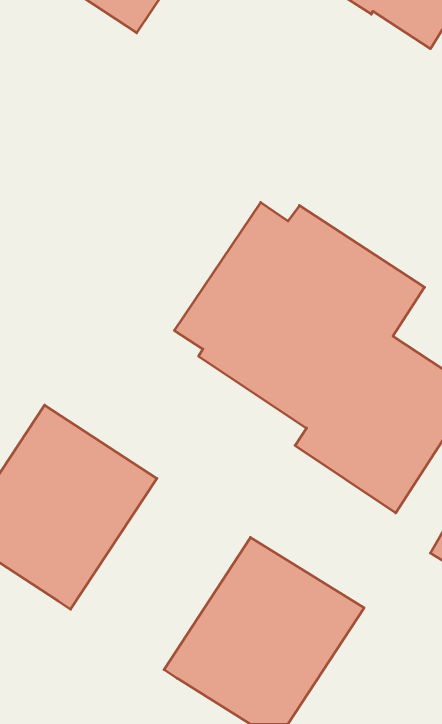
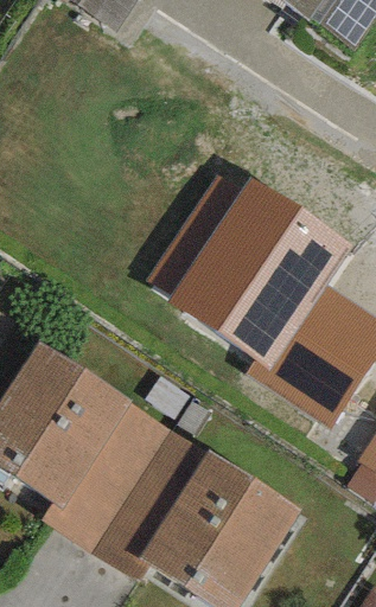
building: none -> [42,401,210,580]

